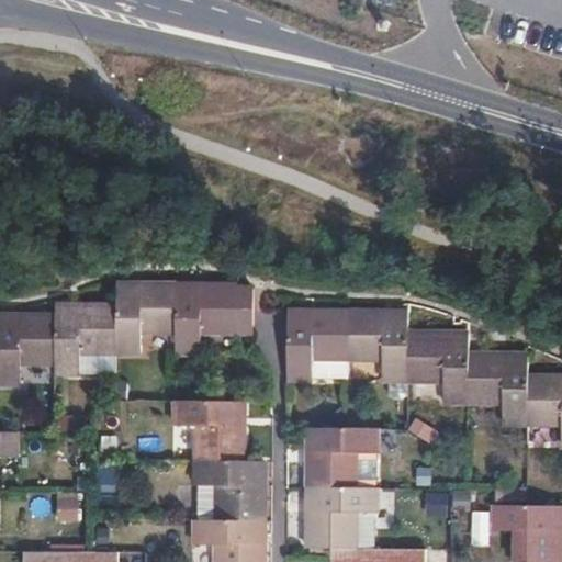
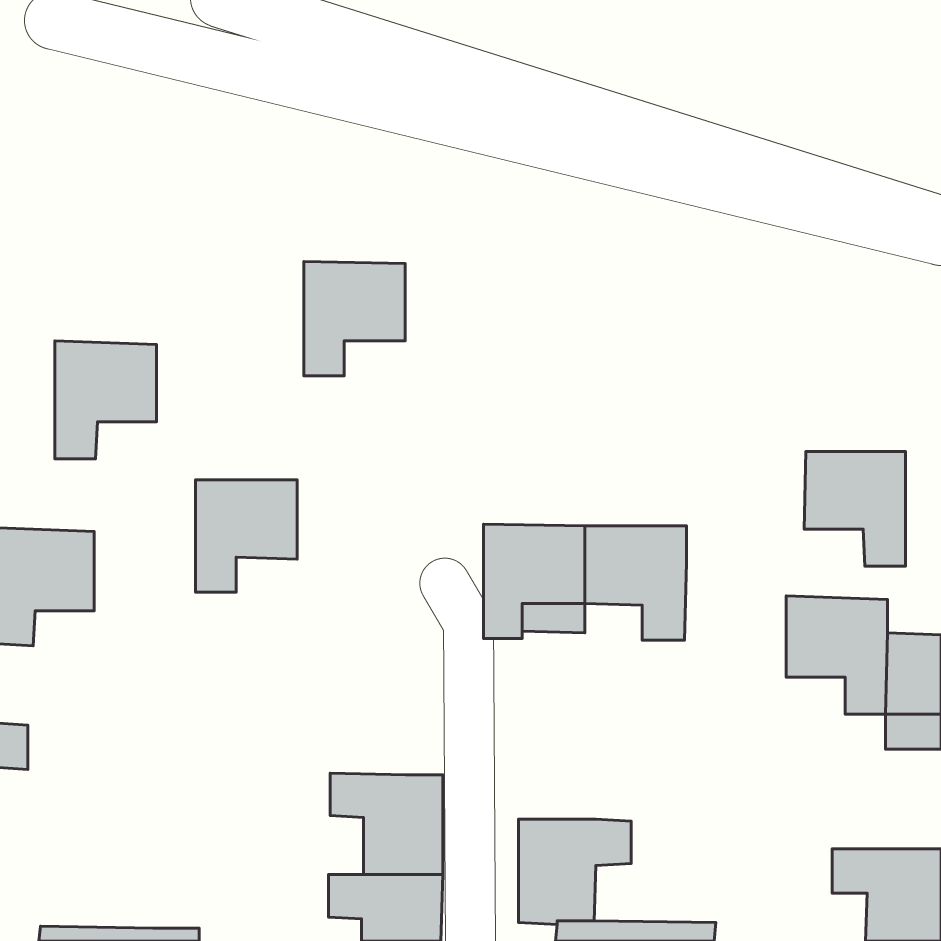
building: [177,285,237,353] -> [304,262,405,376]
building: [56,304,116,374] -> [55,341,156,459]
building: [407,335,468,403] -> [804,452,906,566]
building: [176,400,243,461] -> none
building: [307,427,376,487] -> none

